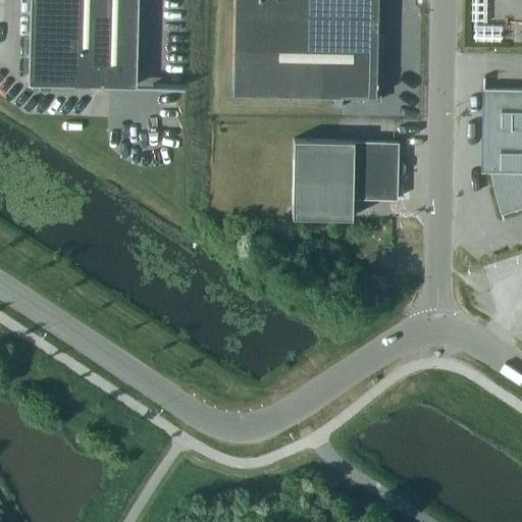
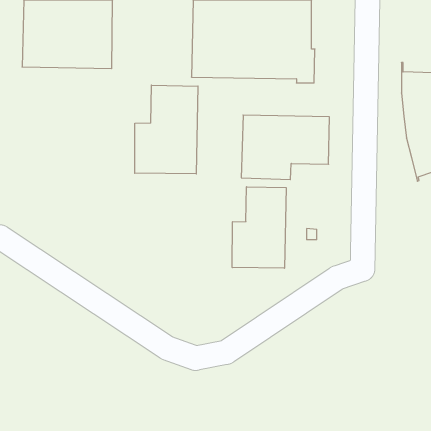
building: none -> [135,85,198,174]
building: none -> [232,187,286,268]

